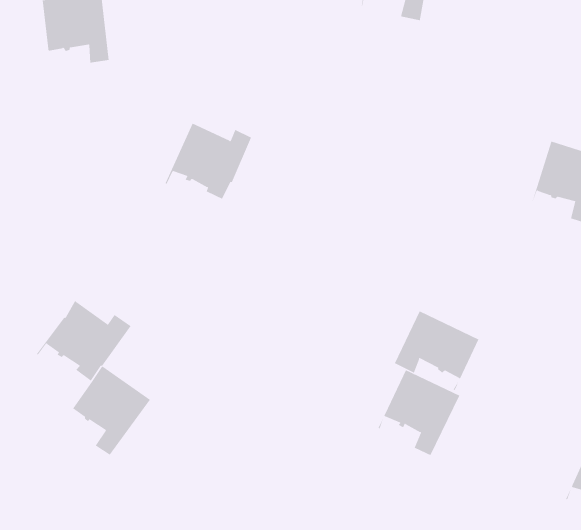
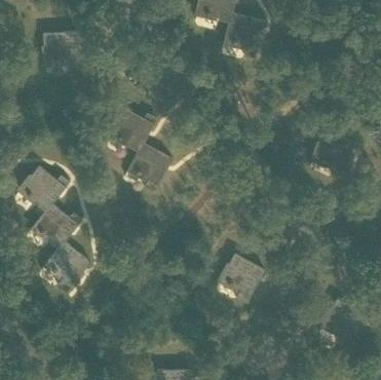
building: none -> [124,144,173,193]
building: none -> [15,167,70,214]
building: [394,310,479,391] -> none

